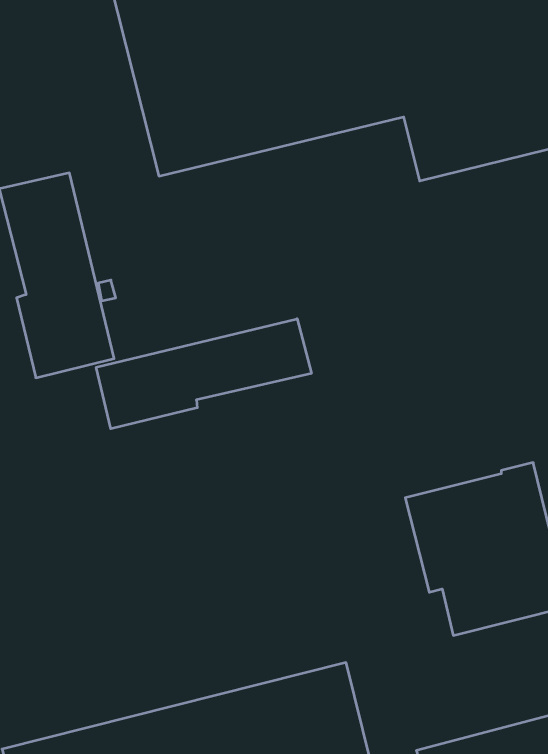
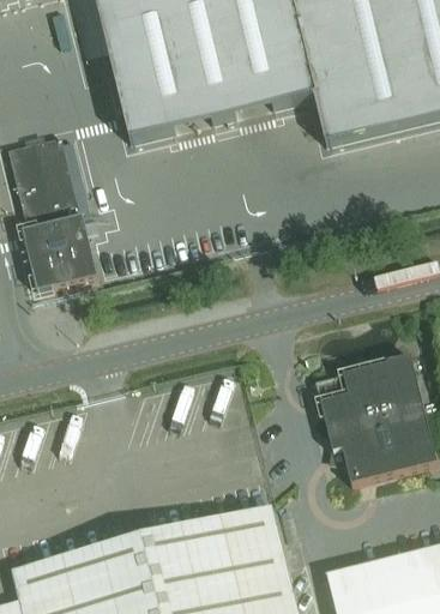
building: [96,319,311,429] -> none

